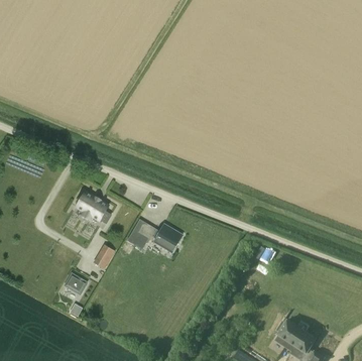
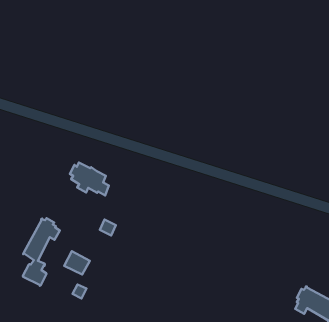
building: [127,223,184,250] -> none
building: none -> [23,218,60,286]

